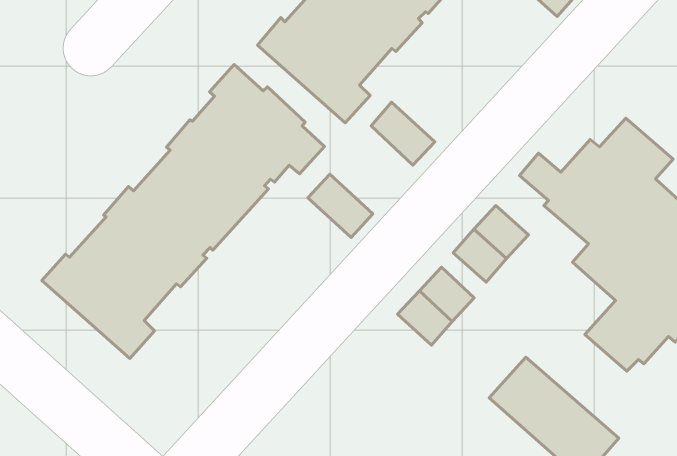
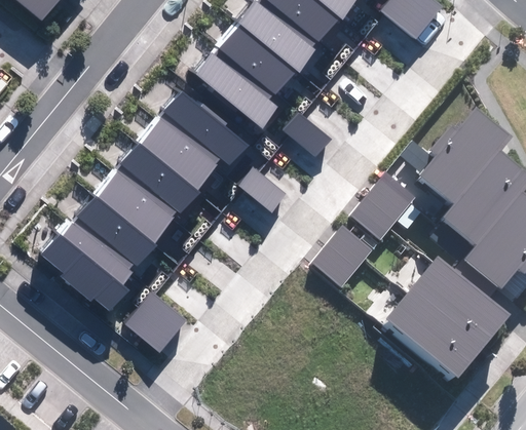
building: none -> [408,262,506,351]
building: none -> [124,291,187,353]

